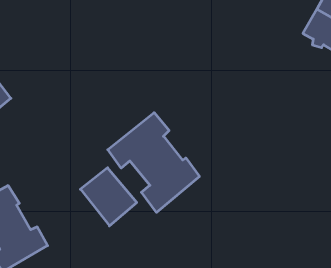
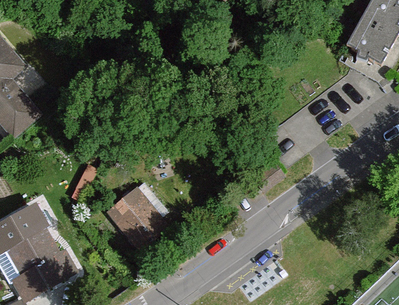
building: [108,113,199,212] -> none

